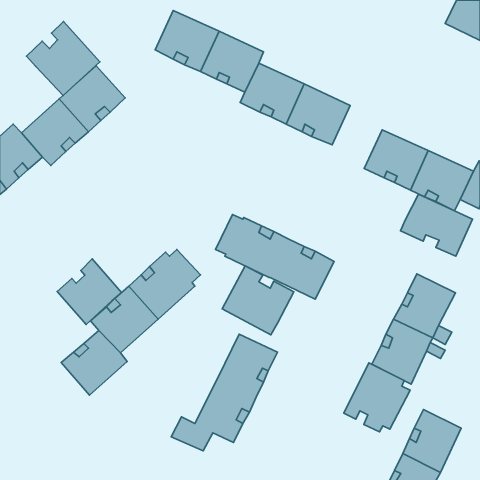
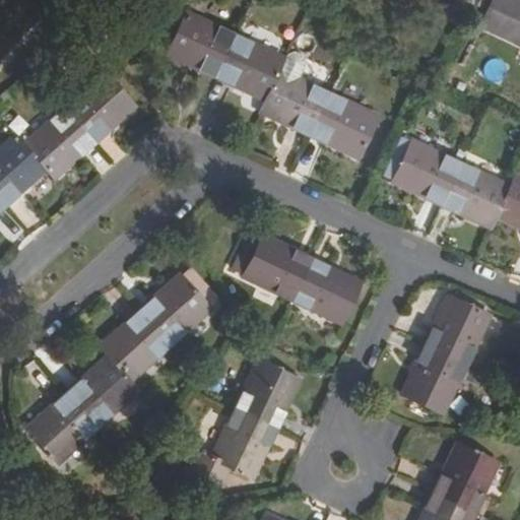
building: [26,21,100,95] -> none
building: [400,194,473,256] -> none
building: [57,259,121,324] -> none
building: [222,266,294,335] -> none
building: none -> [26,392,96,463]
building: [344,363,410,432] -> none

